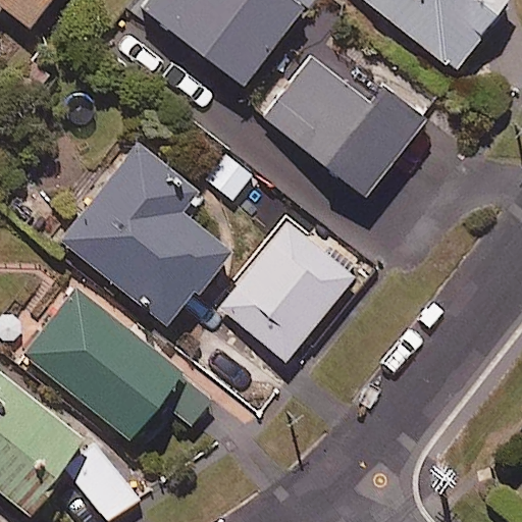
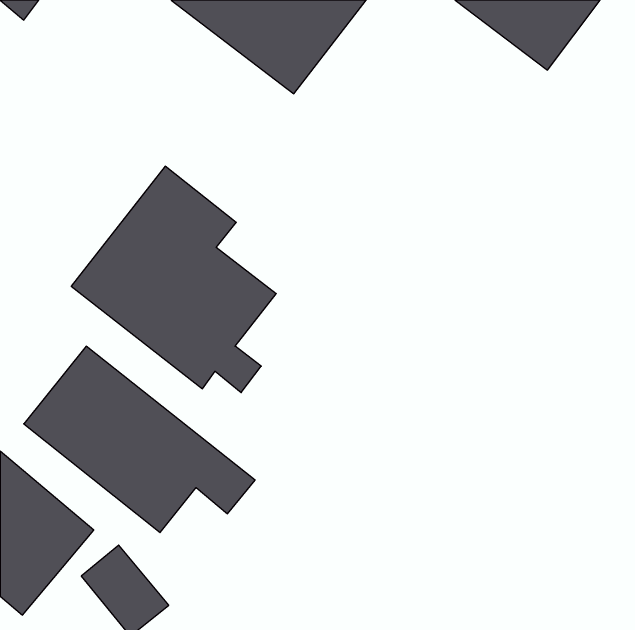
building: [262,33,429,196] -> none
building: [221,223,354,359] -> none

